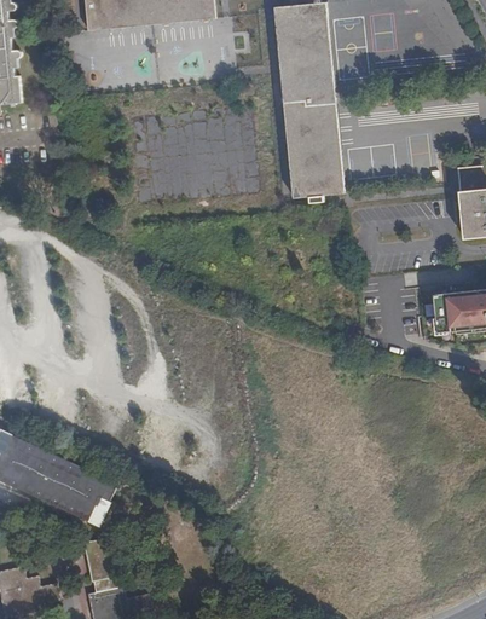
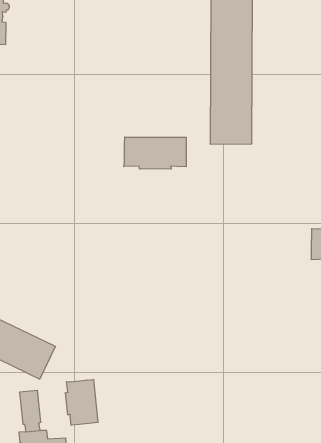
building: none -> [124,137,186,169]
building: none -> [65,379,98,425]

